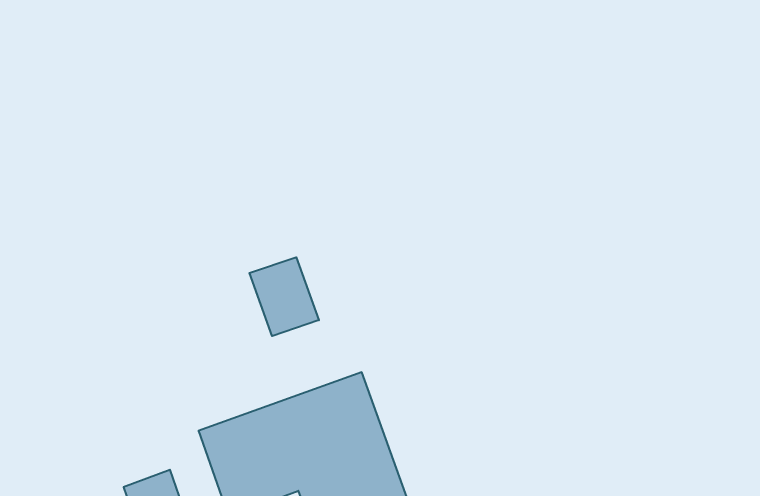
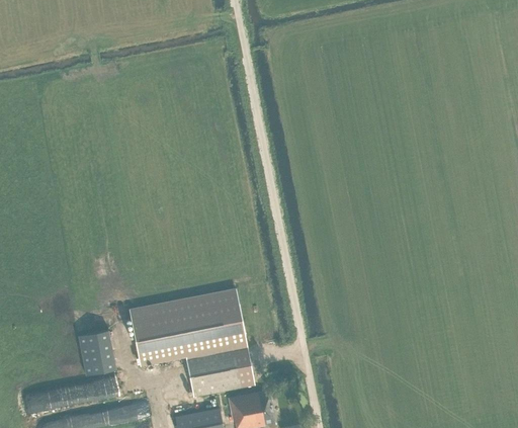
building: [249,257,319,336] -> none

